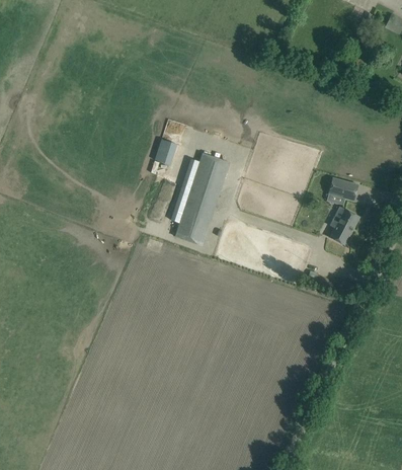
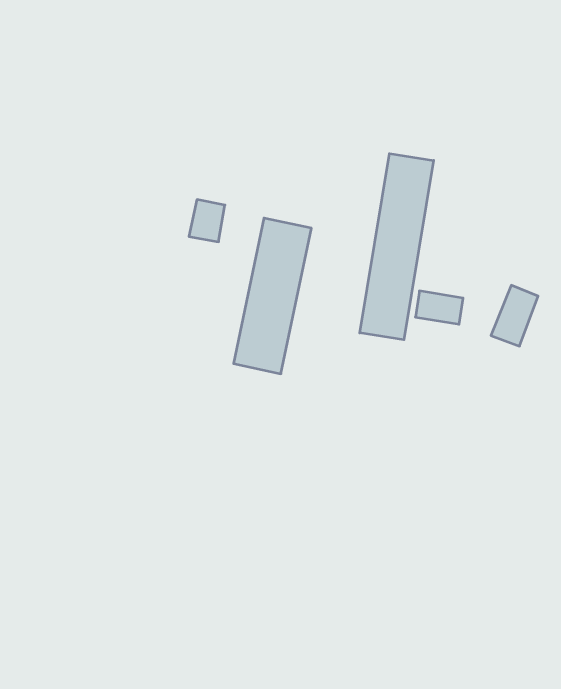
building: none -> [360,154,434,340]
building: [328,177,357,200] -> [415,291,463,324]

